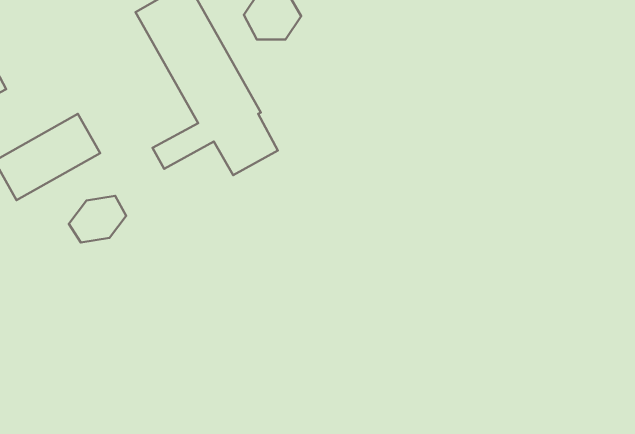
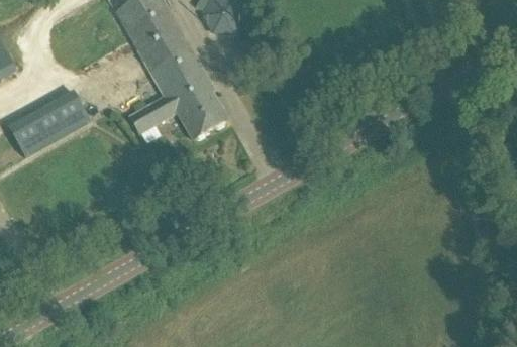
building: [69,196,126,243] -> none

